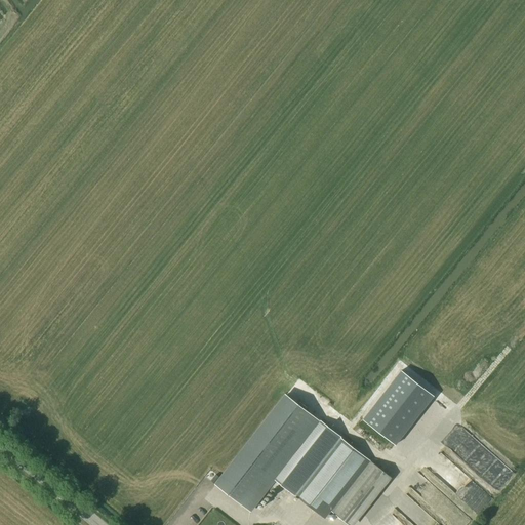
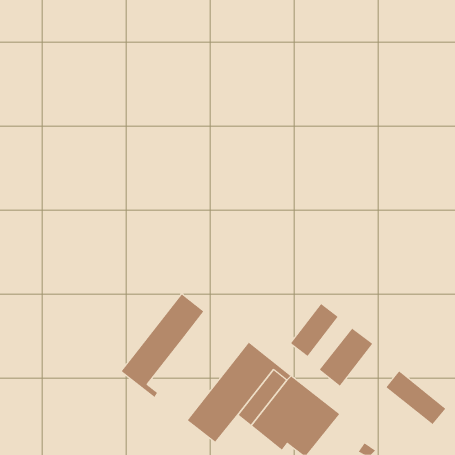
building: none -> [121,294,204,398]
building: none -> [290,303,339,357]

